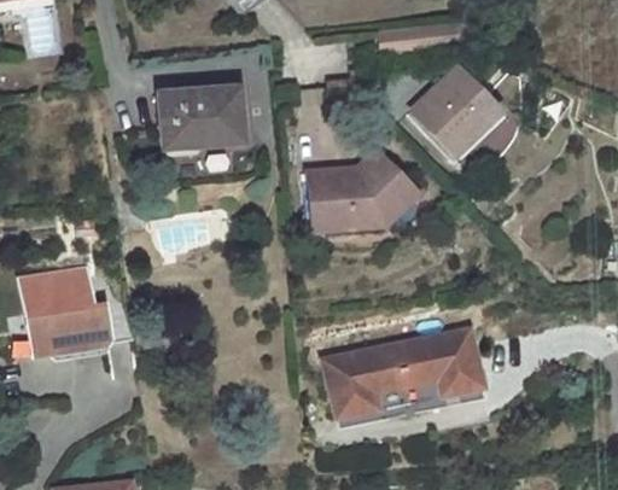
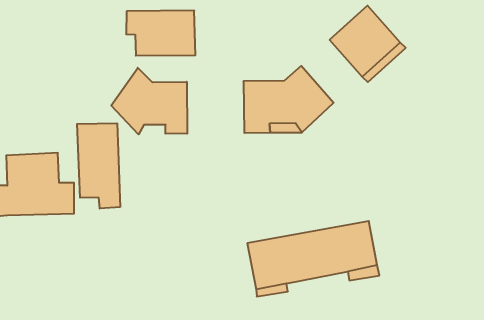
building: none -> [111,68,187,134]
building: none -> [77,123,120,209]

